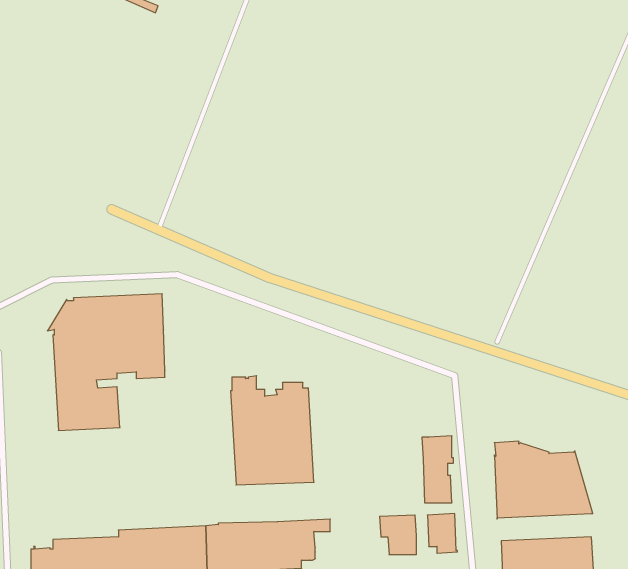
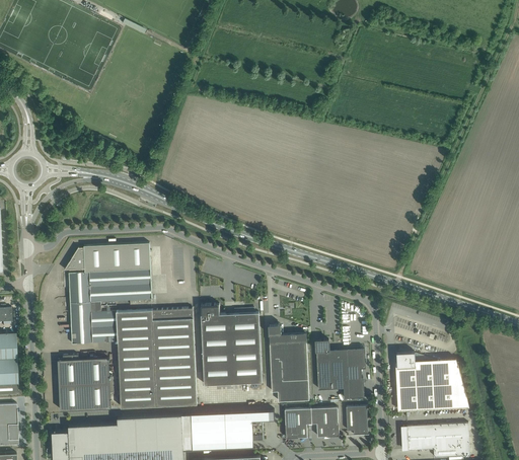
building: none -> [116,308,197,408]
building: none -> [268,324,308,402]
building: none -> [315,340,344,398]
building: none -> [57,356,113,411]
building: none -> [284,408,311,439]

